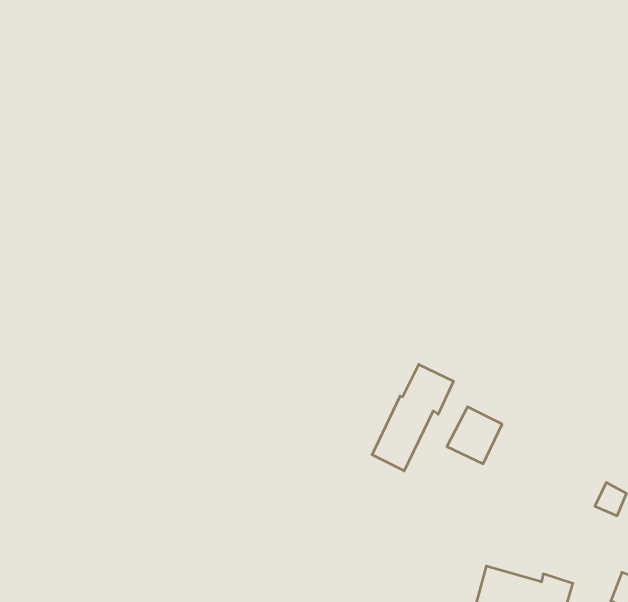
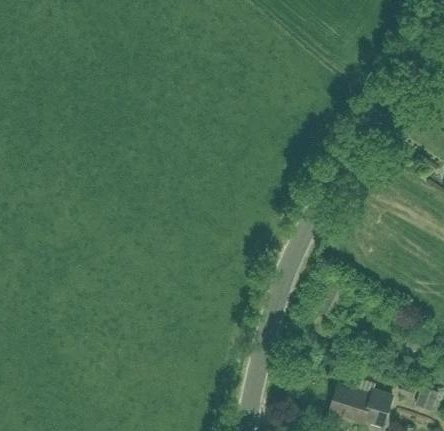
building: [372,364,453,471] -> none

